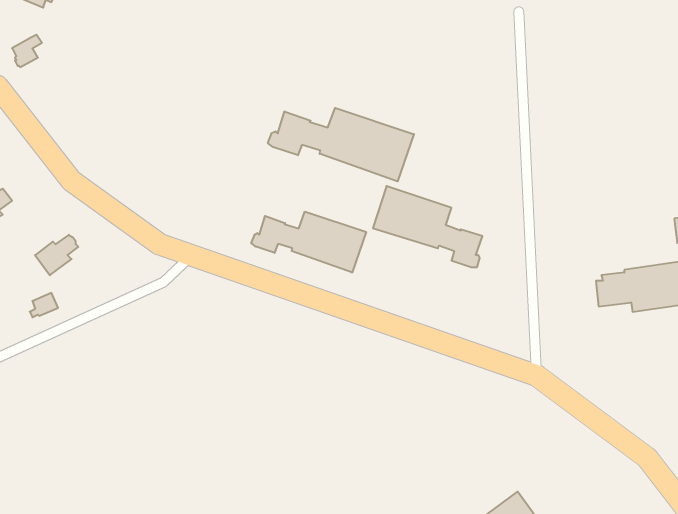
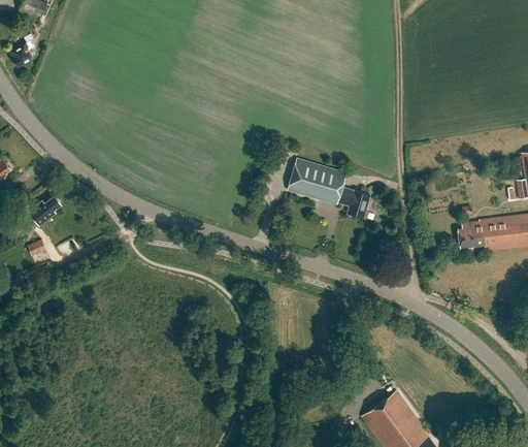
building: [268,108,414,181] -> none
building: [251,212,366,273] -> none

